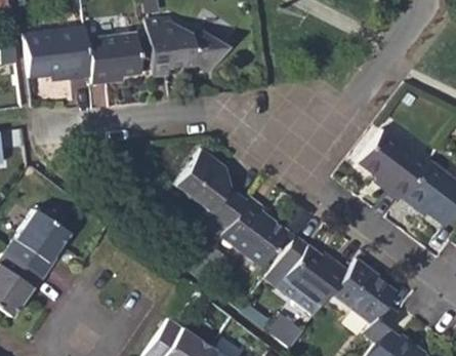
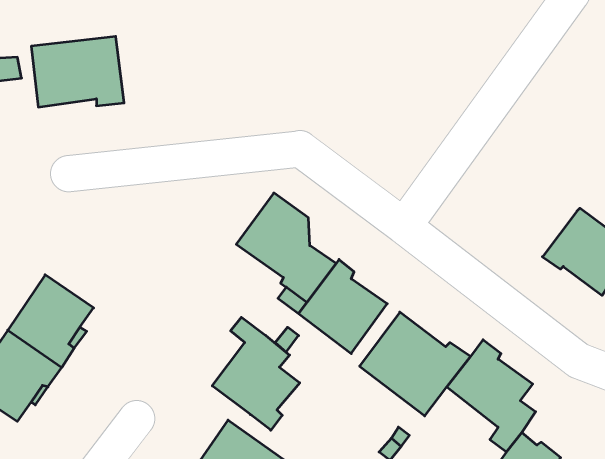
building: [148,19,231,78] -> none
building: [87,34,142,84] -> none
building: [357,127,427,199] -> none
building: none -> [212,317,300,430]

